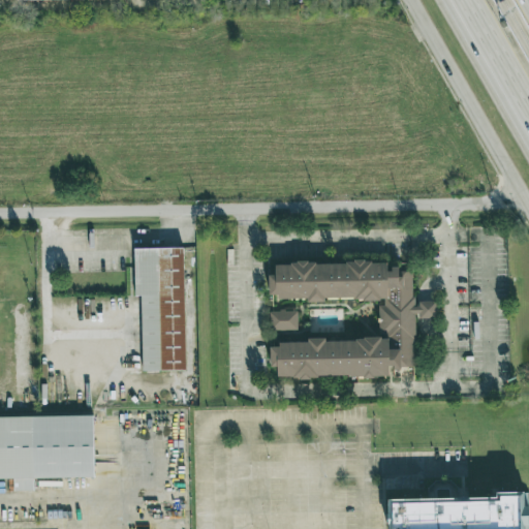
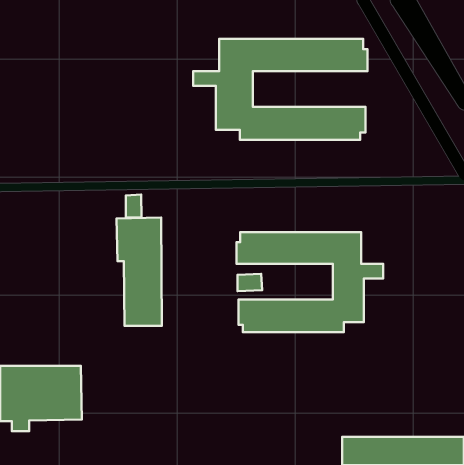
building: none -> [193,39,368,140]
building: none -> [126,195,141,218]

